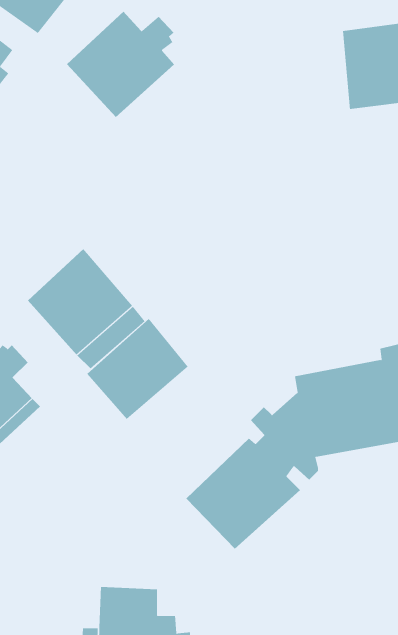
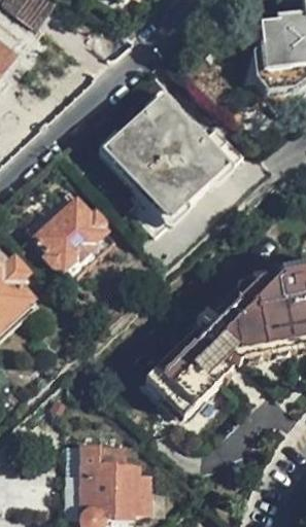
building: [66,11,175,118] -> none
building: none -> [103,101,243,236]
building: [86,318,189,420] -> none

